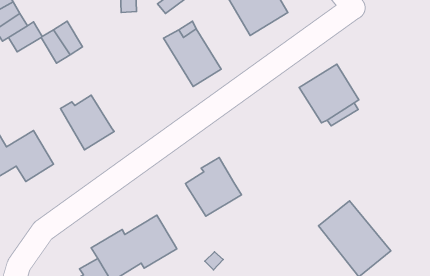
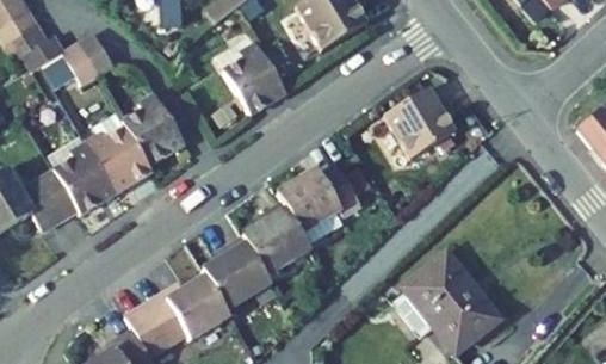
building: none -> [122,93,185,166]
building: none -> [49,137,116,215]
building: none -> [276,164,360,234]
building: none -> [202,237,271,310]

